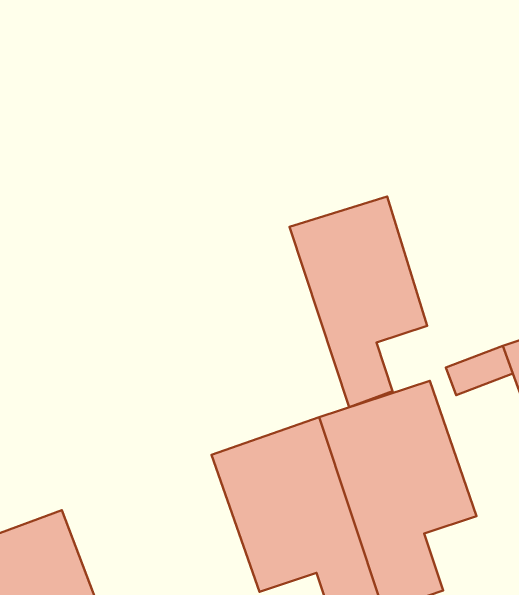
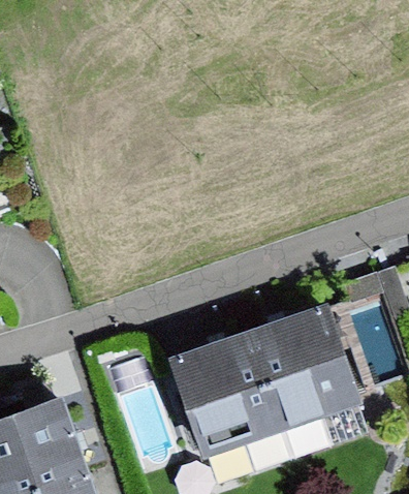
building: [290,197,427,407] -> none

